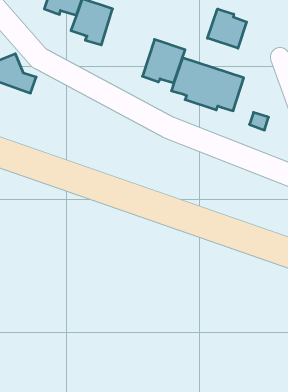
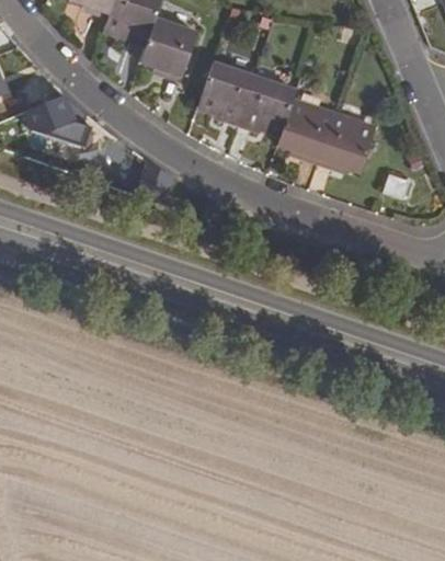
building: [207,9,247,48] -> none
building: none -> [196,61,253,125]

